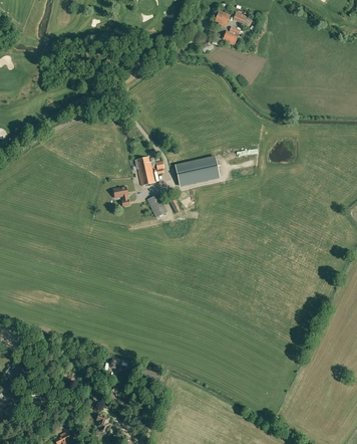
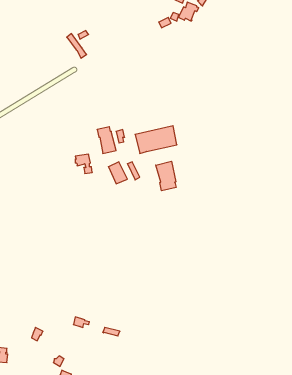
building: none -> [156,161,176,191]

